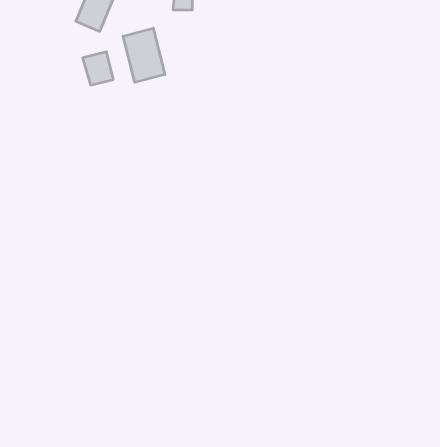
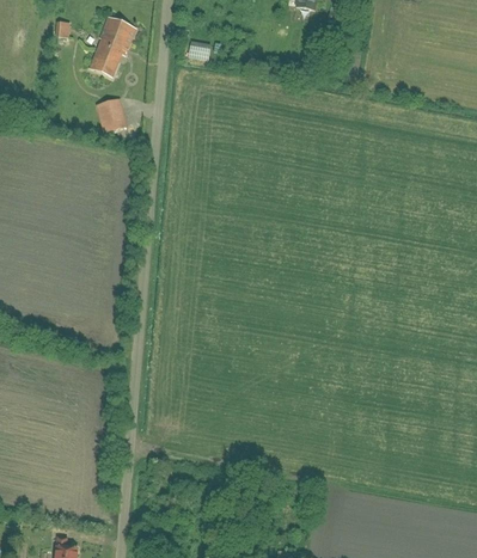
building: [123,28,165,82] -> none

